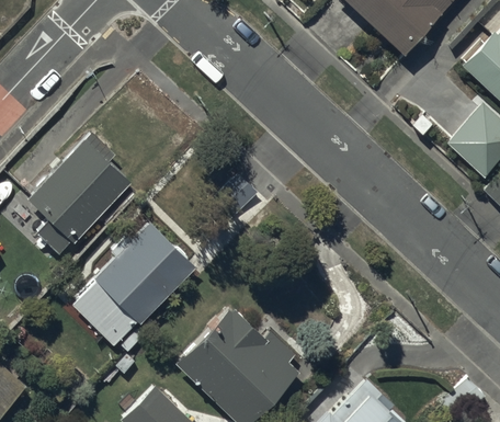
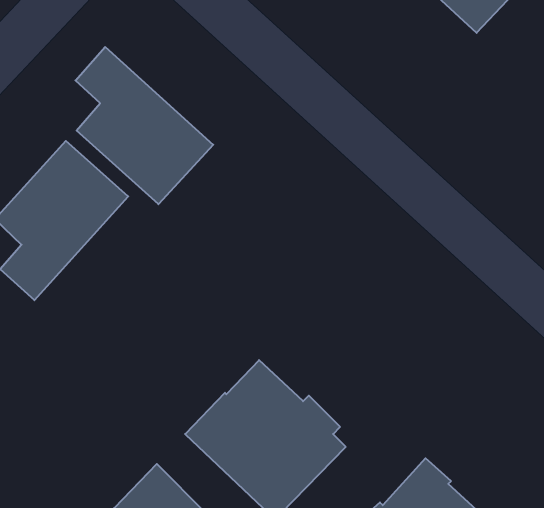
building: none -> [75,47,213,204]
building: [72,223,196,346] -> none

